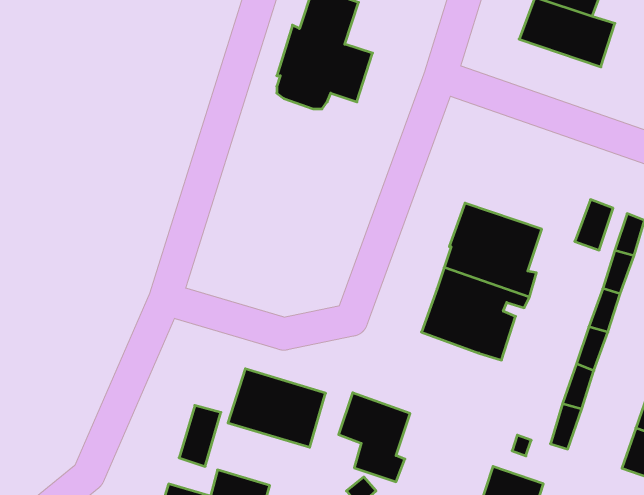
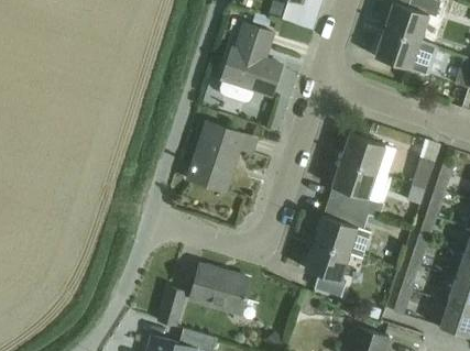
building: none -> [187,122,256,191]
building: none -> [339,134,395,176]
building: [339,393,410,482] -> [303,241,348,297]

